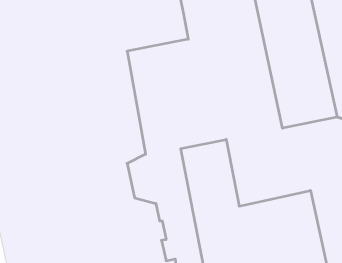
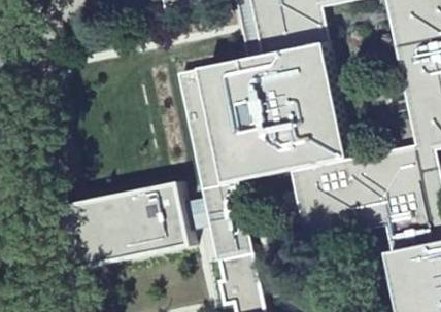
building: none -> [58,182,191,268]

